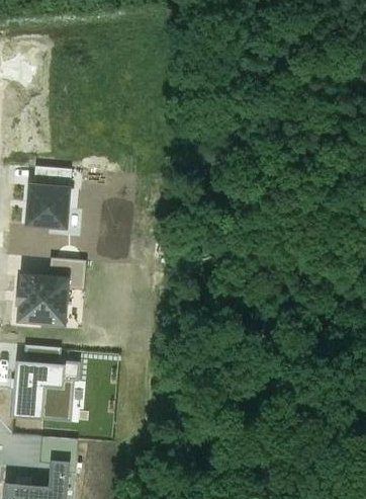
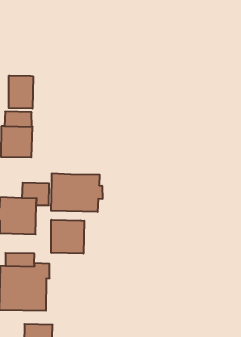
building: none -> [9,76,33,109]
building: none -> [51,173,102,212]
building: none -> [51,220,84,254]

